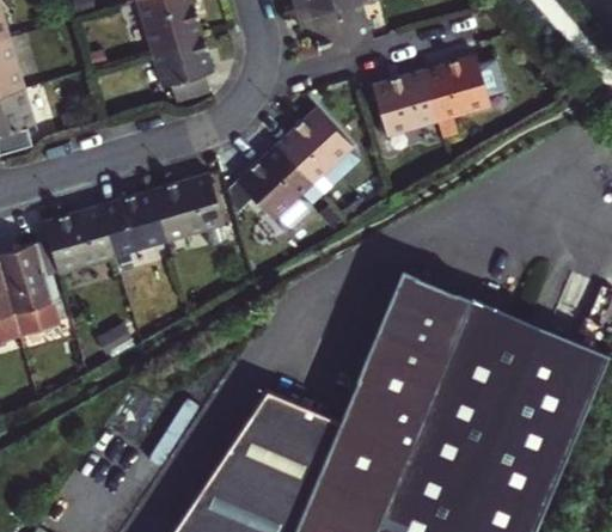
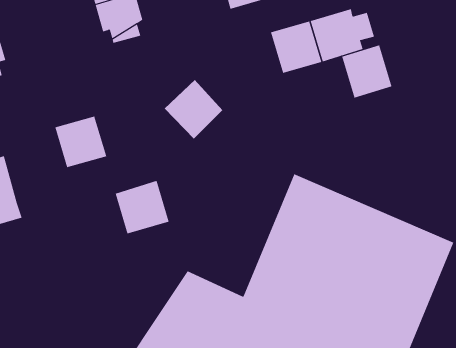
building: none -> [342,44,392,99]
building: [277,110,363,201] -> none
building: [151,177,220,245] -> [115,180,169,234]
building: [49,208,115,275] -> none

